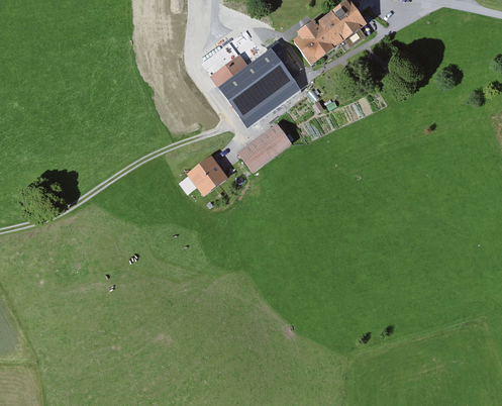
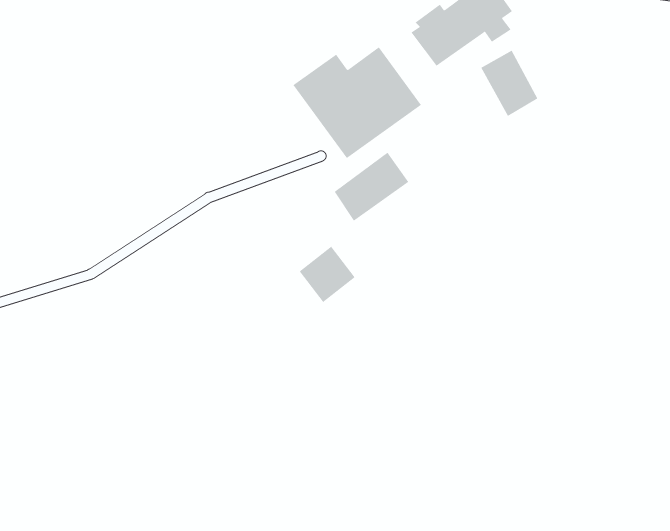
building: none -> [480,50,538,117]
building: [187,155,227,195] -> [299,246,356,303]

